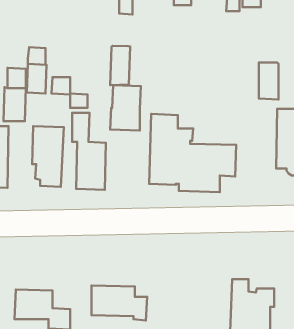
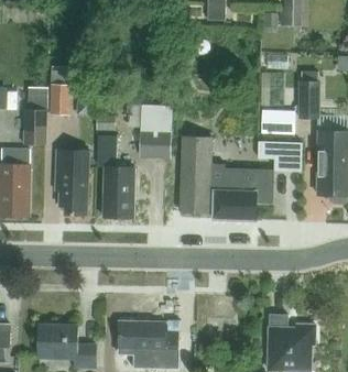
building: [110,46,130,85] -> none
building: none -> [261,109,295,134]
building: none -> [257,141,302,171]

